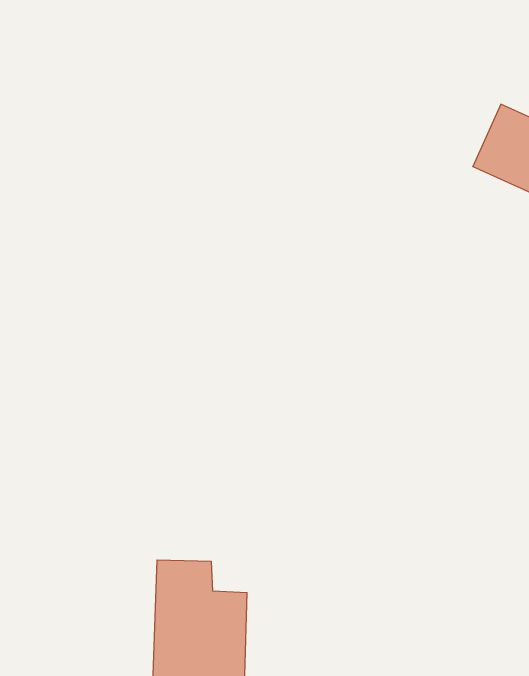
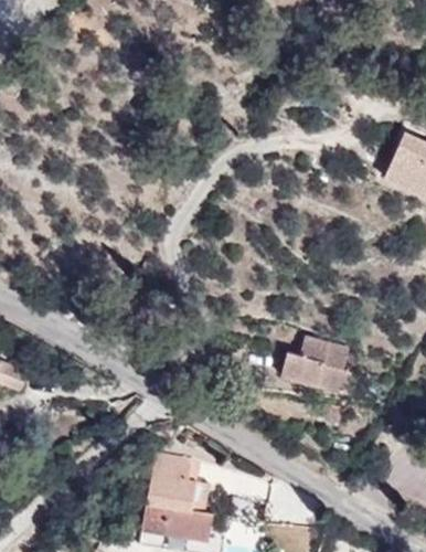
building: none -> [275,335,345,392]

